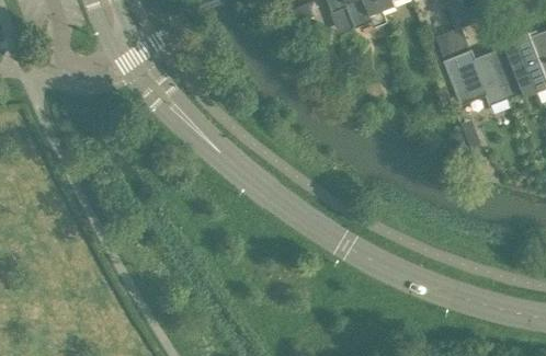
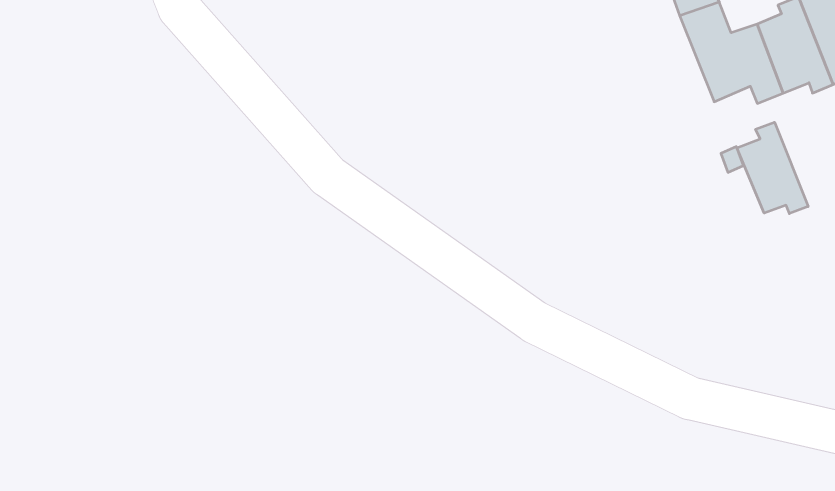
building: none -> [737,122,808,214]

